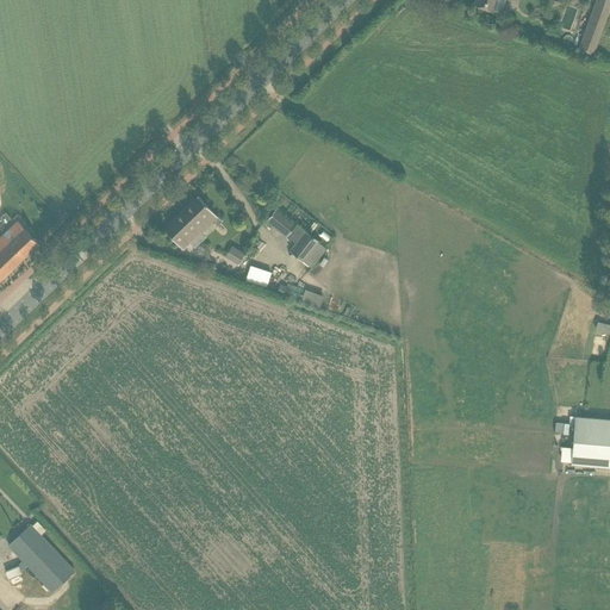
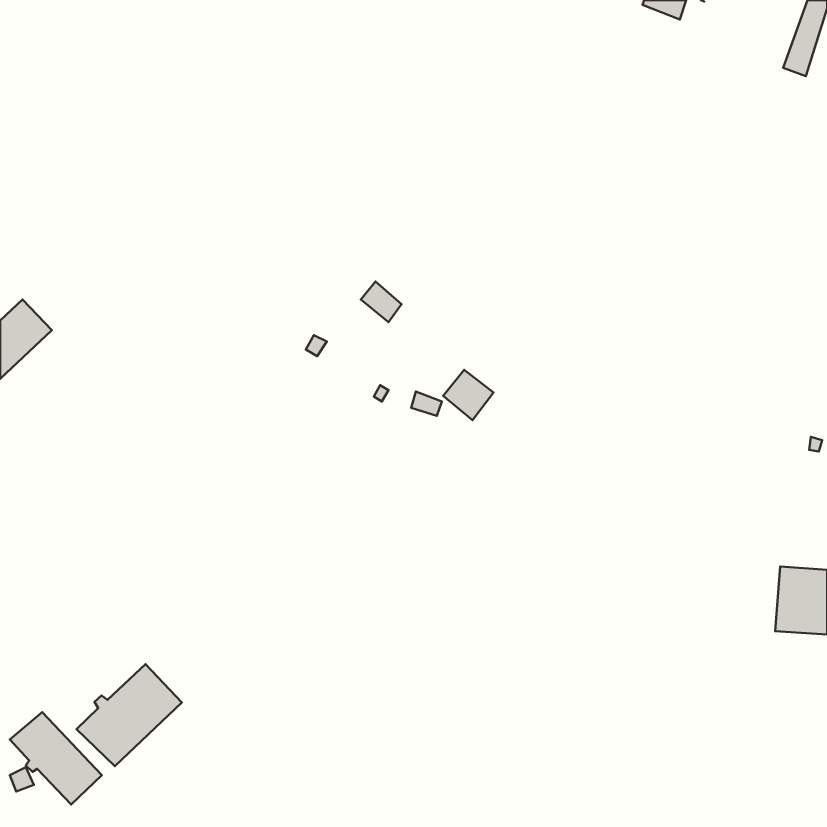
building: [164,197,219,249] -> none
building: [290,231,326,268] -> [443,370,493,420]
building: none -> [77,664,182,766]

